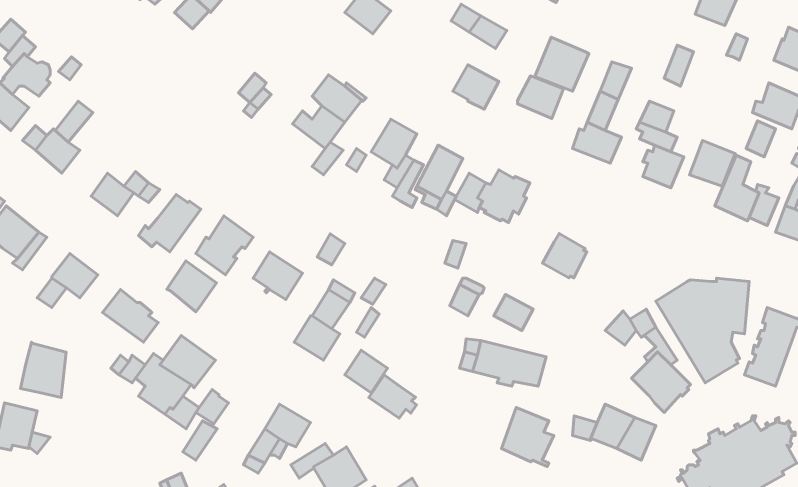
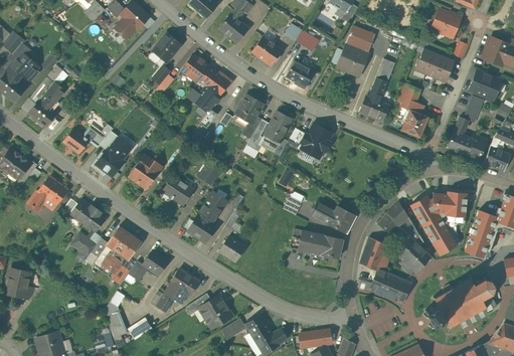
building: none -> [153,33,181,62]
building: none -> [251,36,283,66]
building: none -> [182,55,209,82]
building: [518,76,563,118] -> [346,27,374,53]
building: [689,140,735,186] -> [425,53,454,81]
building: [543,234,587,278] -> [328,206,355,233]
building: [167,261,217,312] -> none
building: [20,342,66,397] -> none
building: none -> [142,249,168,276]
building: [369,375,416,418] -> none
building: [501,408,554,467] -> [360,237,392,274]

